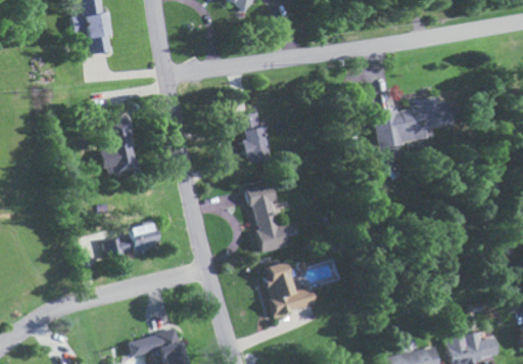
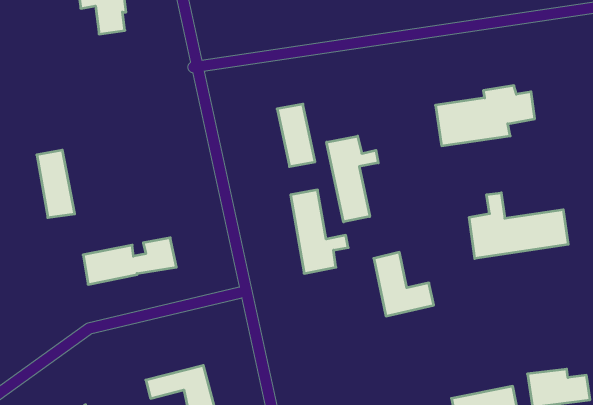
building: [105,119,137,175] -> [37,150,75,218]
building: none -> [327,136,378,222]
building: none -> [469,193,568,259]
building: [265,262,315,315] -> [374,252,434,316]

